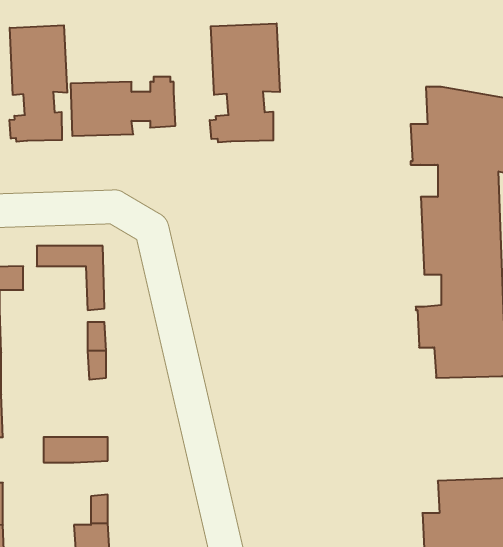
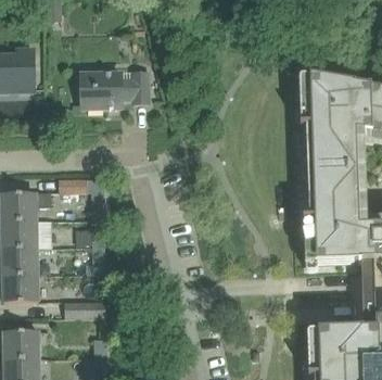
building: [210,23,280,142] -> none
building: [10,25,67,142] -> none

